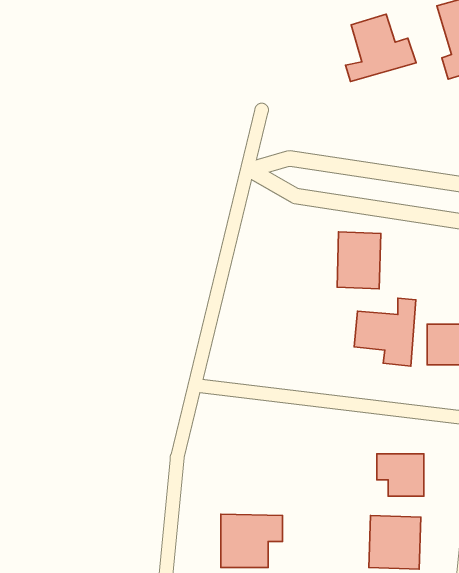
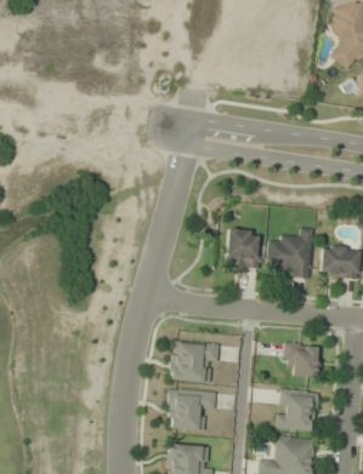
building: [346,14,416,81] -> none
building: [337,232,381,289] -> [226,228,259,270]
building: none -> [170,341,217,383]

